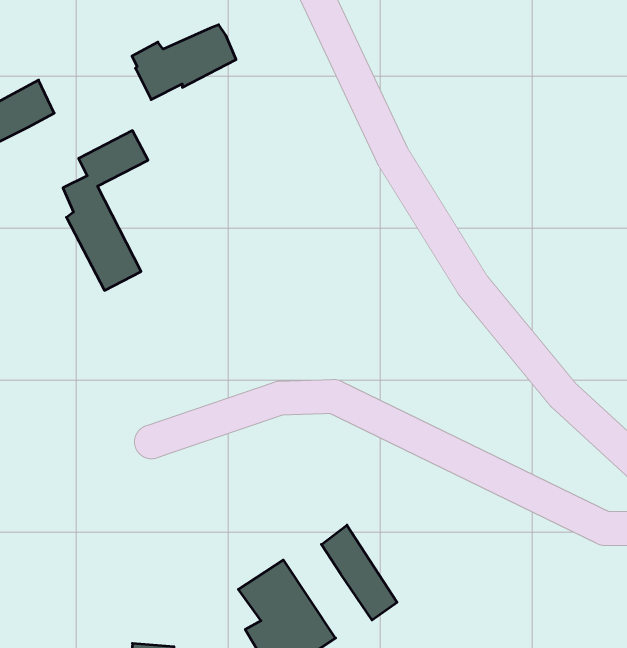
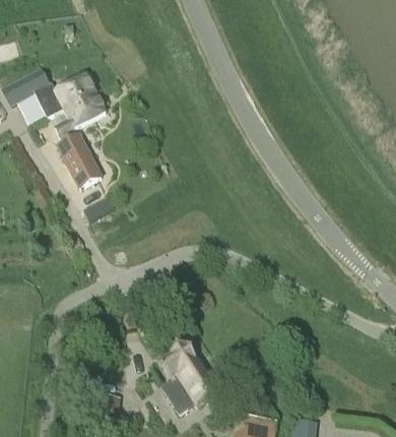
building: [132,25,236,100] -> [35,76,95,120]
building: [321,525,397,620] -> none

